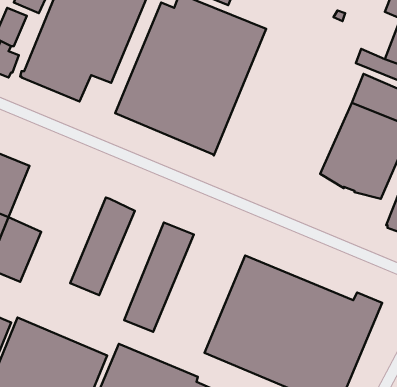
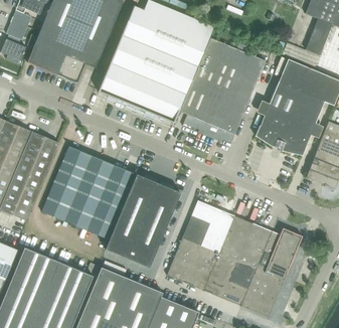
building: none -> [180,37,266,143]
building: none -> [17,131,58,181]
building: none -> [42,146,92,220]
building: none -> [87,165,136,238]
building: none -> [128,183,181,267]

